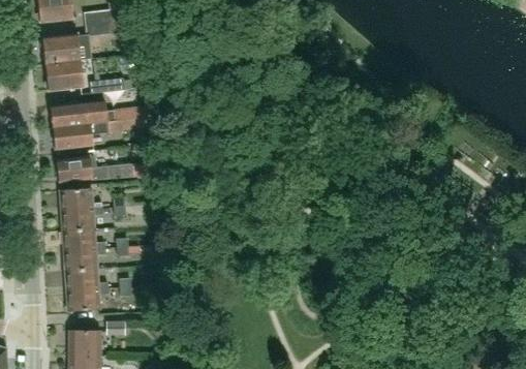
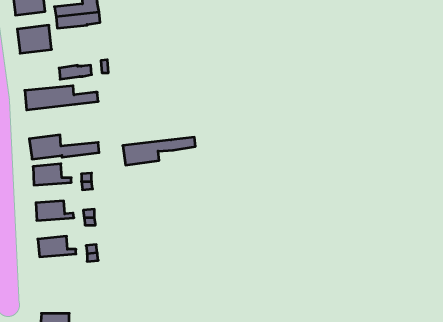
building: [45,60,84,90] -> none
building: [53,118,133,149] -> [123,137,195,165]
building: [61,208,103,230] -> none
building: [64,247,105,271] -> none
building: [67,287,109,310] -> none
building: [69,330,100,353] -> none

